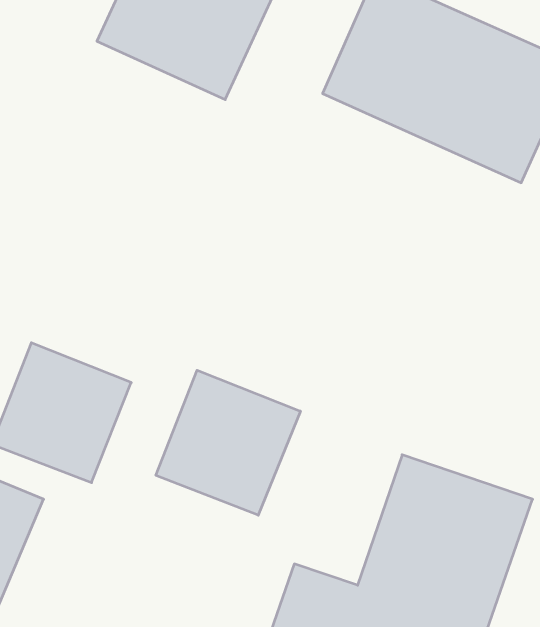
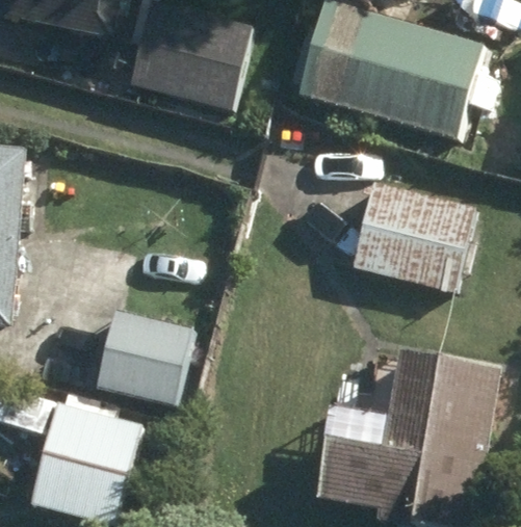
building: none -> [354,179,475,291]
building: [156,370,300,515] -> none

